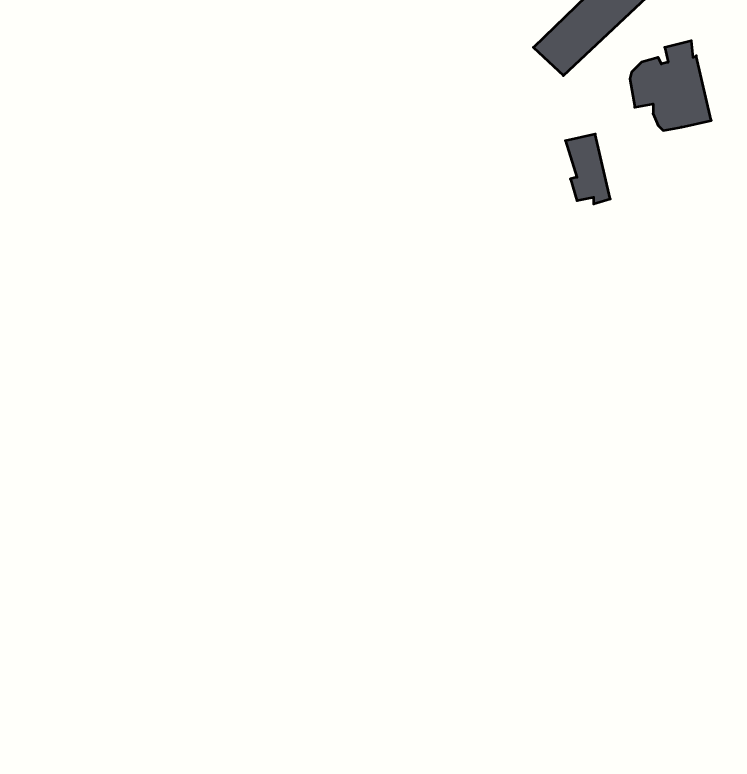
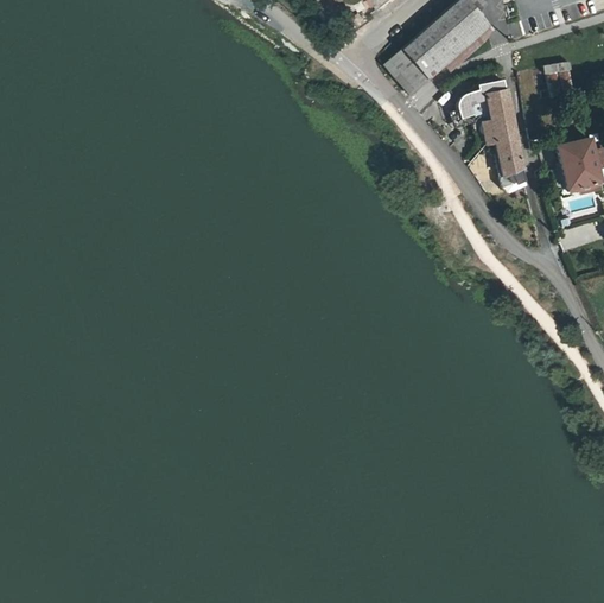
building: [565,134,610,204] -> [495,129,527,179]

